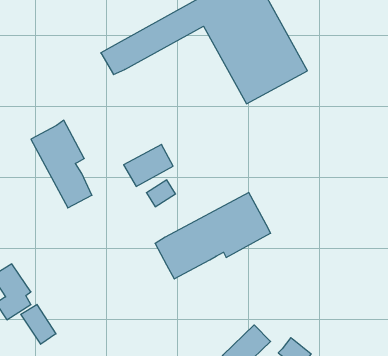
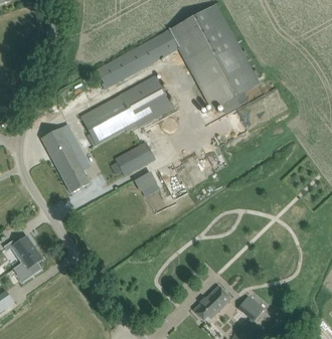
building: [155,193,271,279] -> [81,75,173,144]
building: [21,304,56,344] -> none

